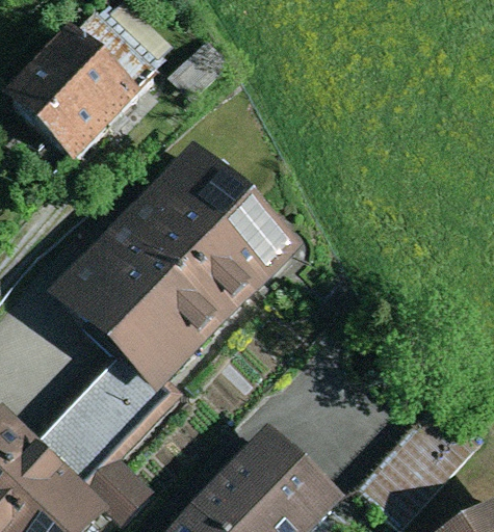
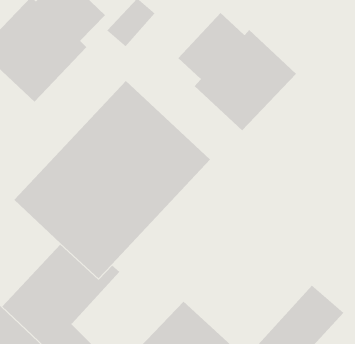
building: none -> [178,12,297,131]

